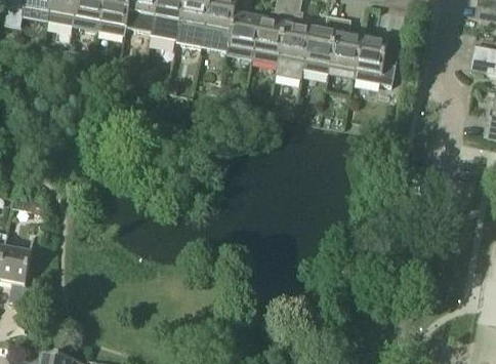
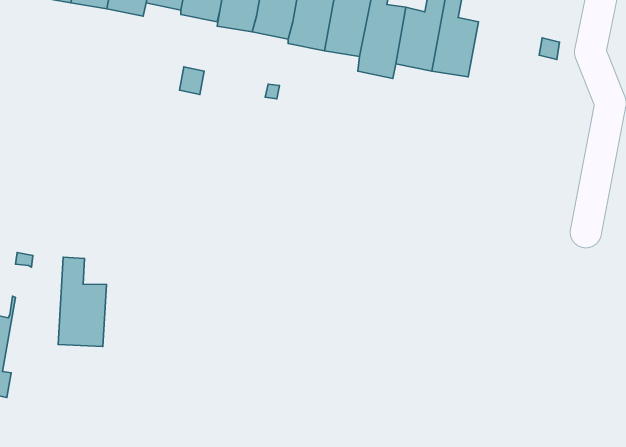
building: [354,34,399,84] -> none
building: none -> [58,257,106,347]

